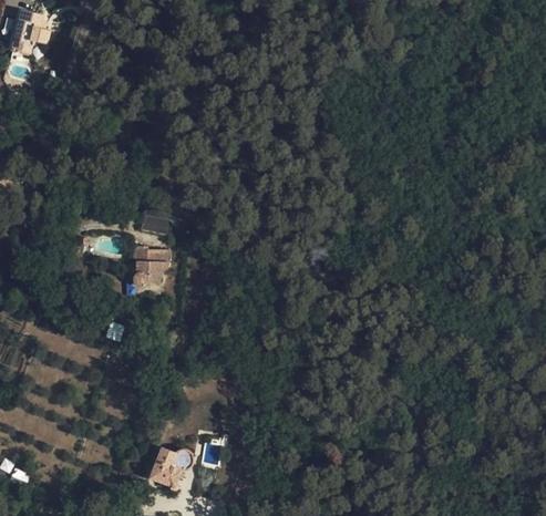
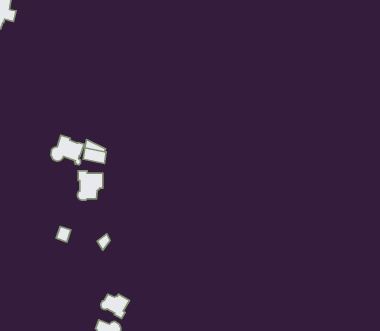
building: none -> [51,135,84,165]
building: none -> [101,294,129,319]

